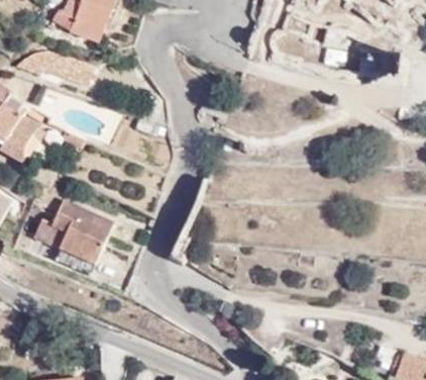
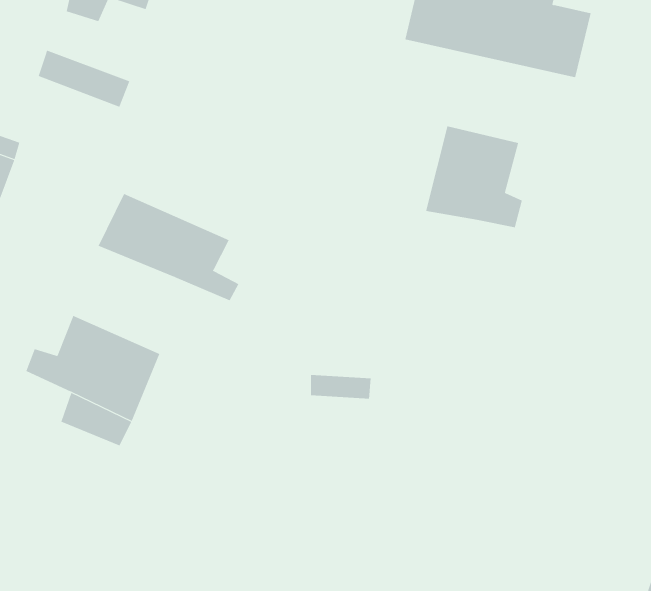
building: none -> [425,126,523,228]
building: none -> [98,193,239,301]

